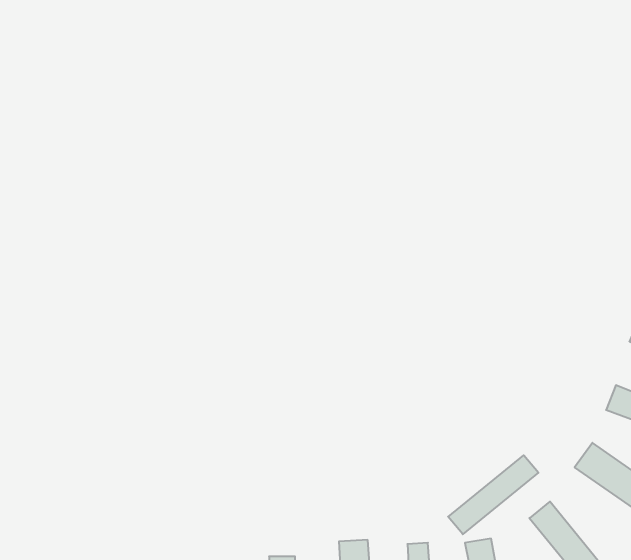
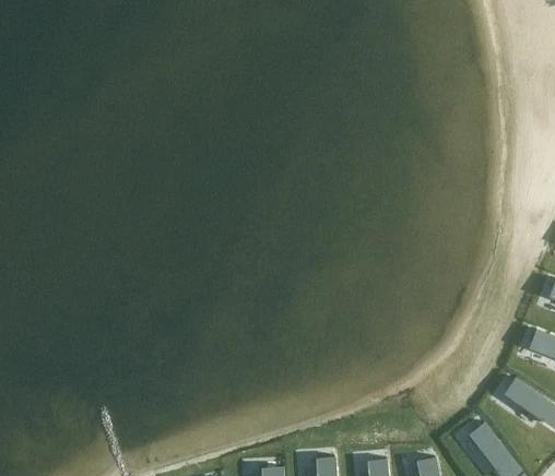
building: [448,455,538,534] -> none

